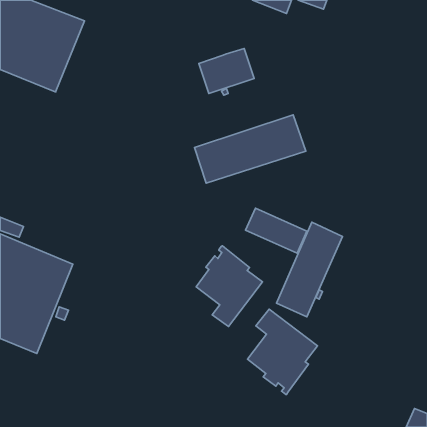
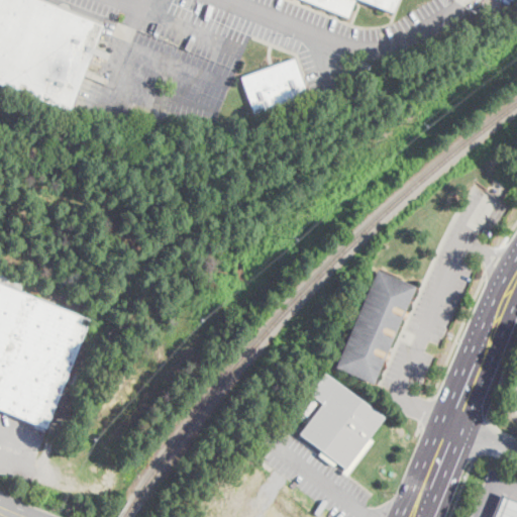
building: [195,115,306,183] -> none
building: [246,208,307,253] -> none
building: [196,246,263,327] -> none

